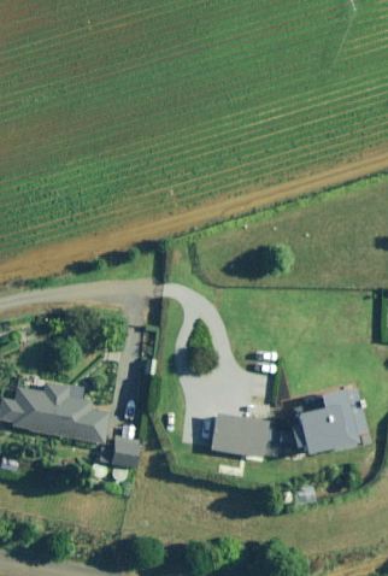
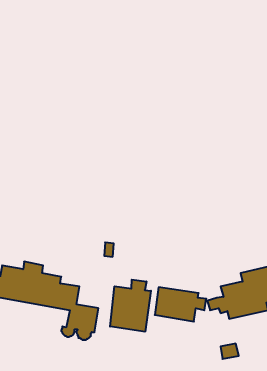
building: none -> [110,280,151,332]

